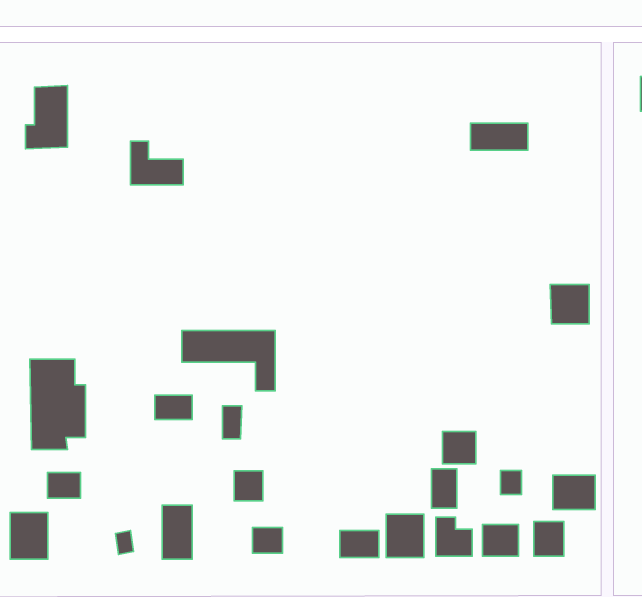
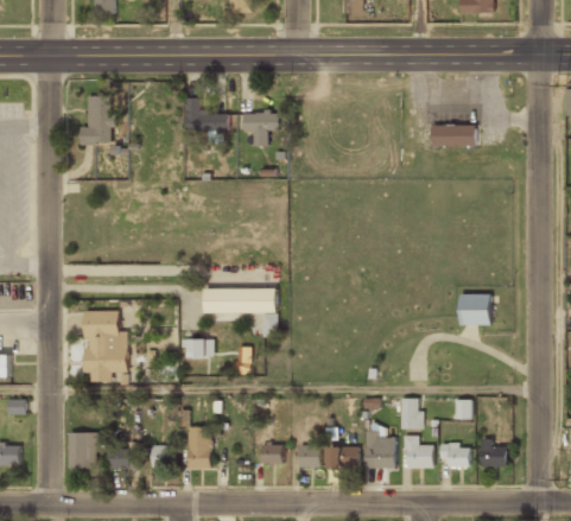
building: none -> [243,112,279,146]
building: [130,141,183,185] -> [185,97,227,132]
building: [550,285,589,324] -> [459,294,490,325]
building: [442,431,476,464] -> none
building: [234,471,263,501] -> [298,445,321,469]
building: [48,473,81,498] -> [106,449,132,469]
building: [553,475,595,509] -> none

